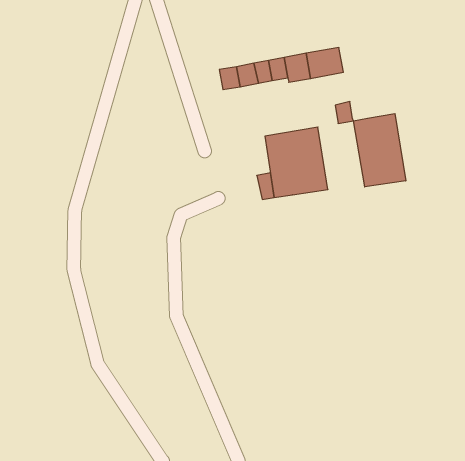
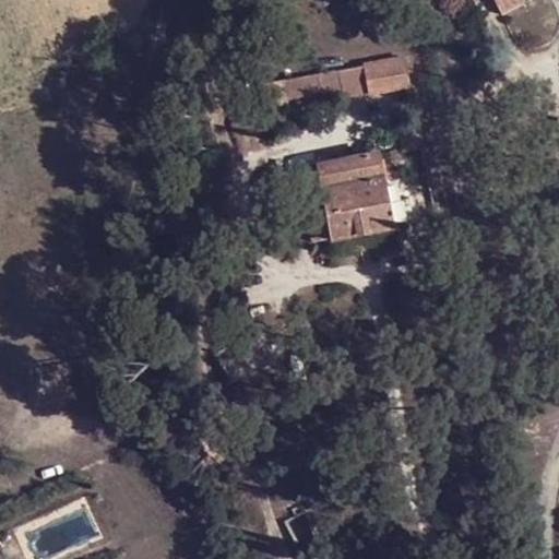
building: [354,114,406,187] -> none

